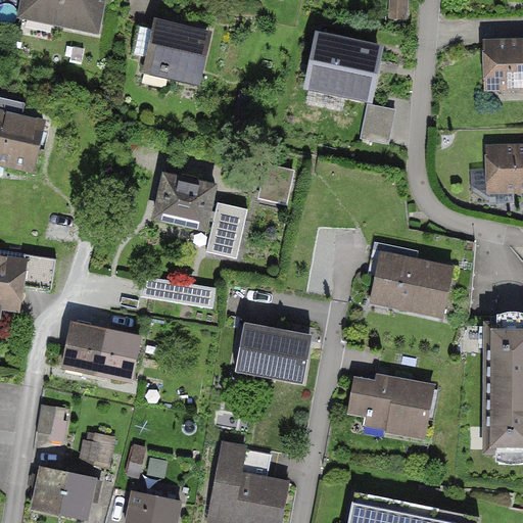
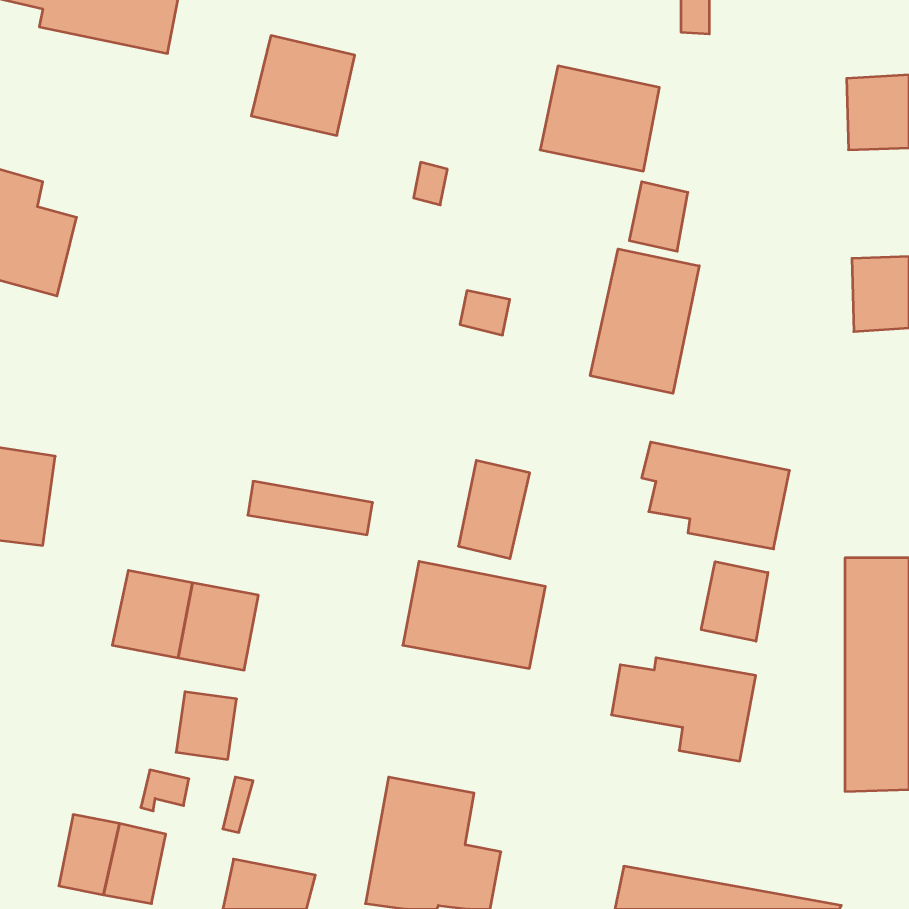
building: none -> [590,249,699,393]
building: [150,170,216,230] -> none
building: [205,201,246,257] -> [458,460,530,559]
building: none -> [701,562,768,641]
building: [38,403,73,442] -> [176,692,237,759]

